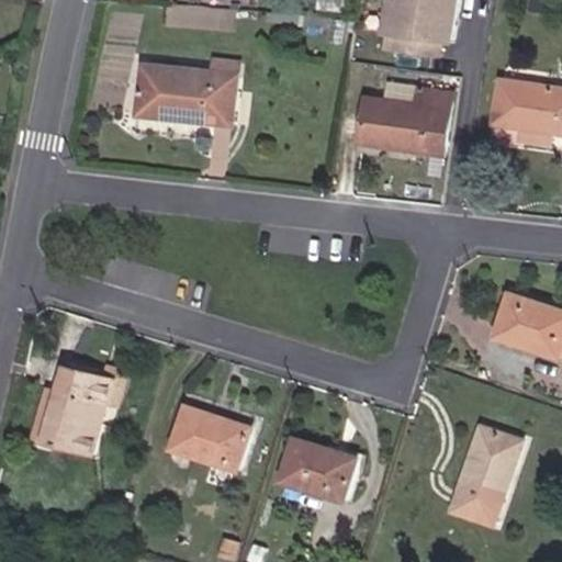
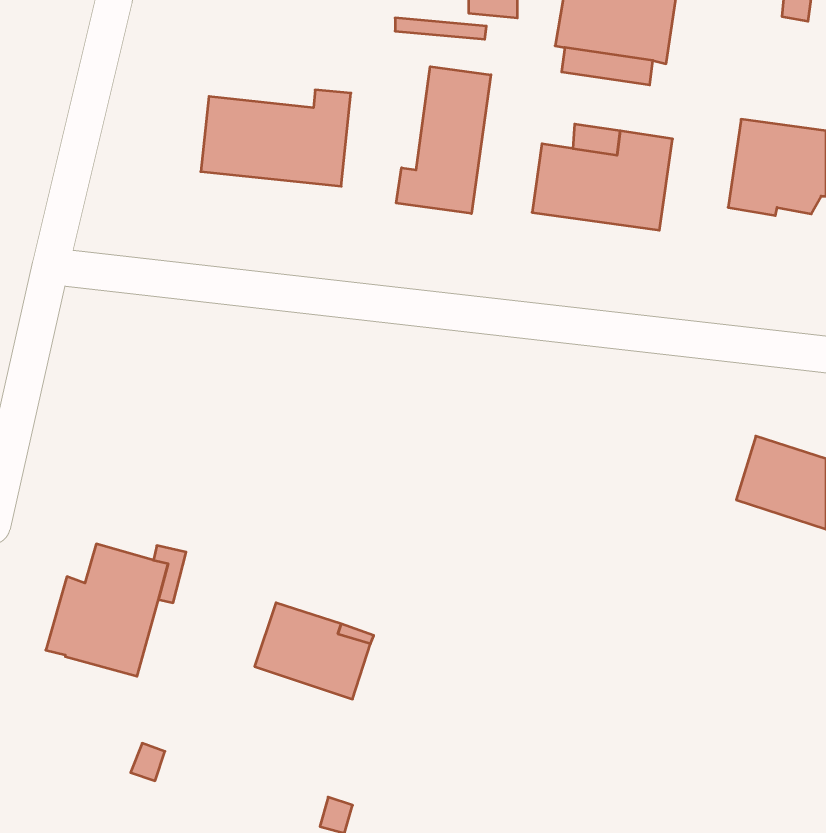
building: none -> [396,67,491,214]
building: [451,425,521,525] -> none
building: [281,438,357,501] -> none

